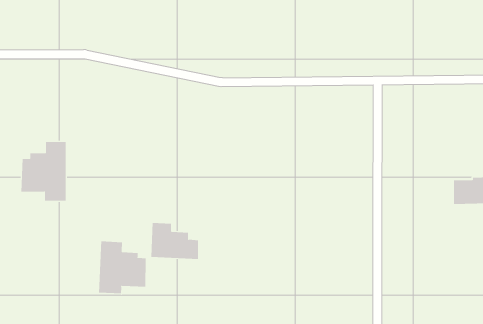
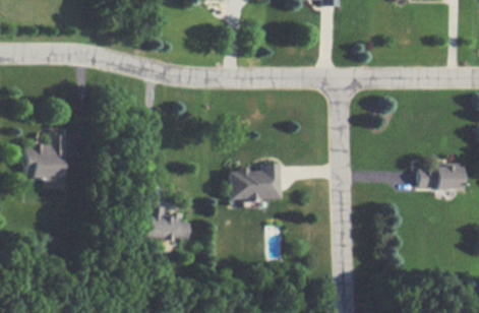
building: none -> [228,164,281,200]
building: [98,241,146,294] -> none

